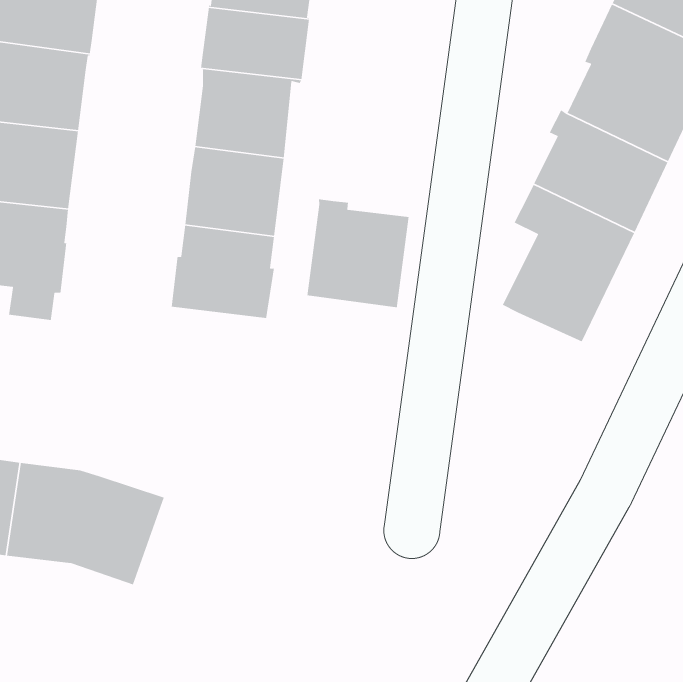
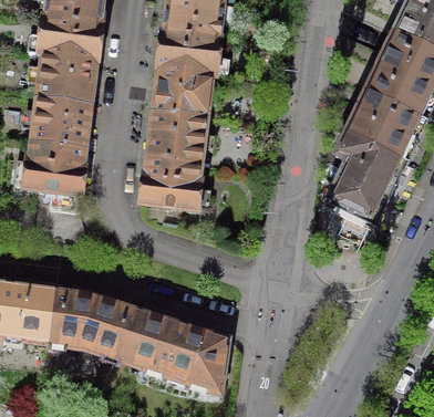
building: [307,199,409,308] -> none
building: none -> [120,309,226,392]

